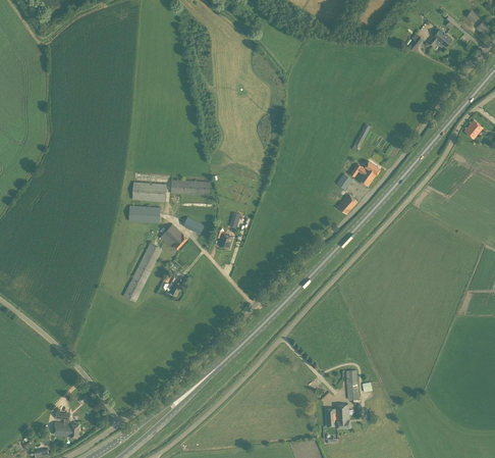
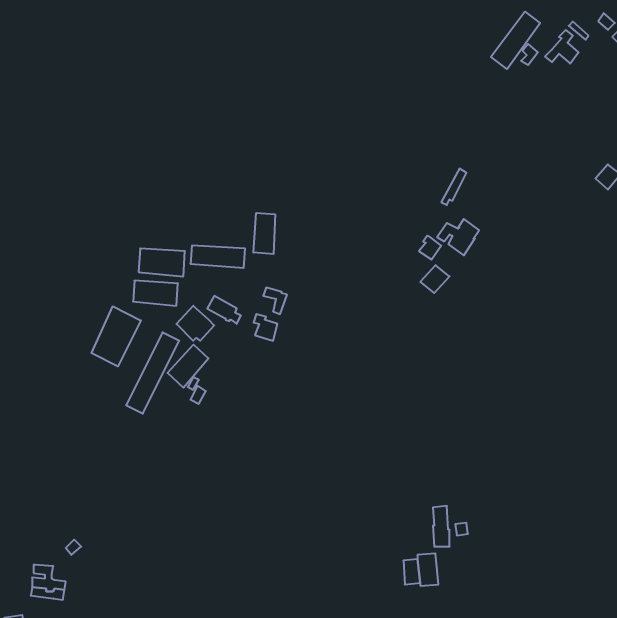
building: none -> [491,12,540,69]
building: none -> [253,213,275,254]
building: none -> [91,306,141,366]
building: none -> [167,345,209,388]

